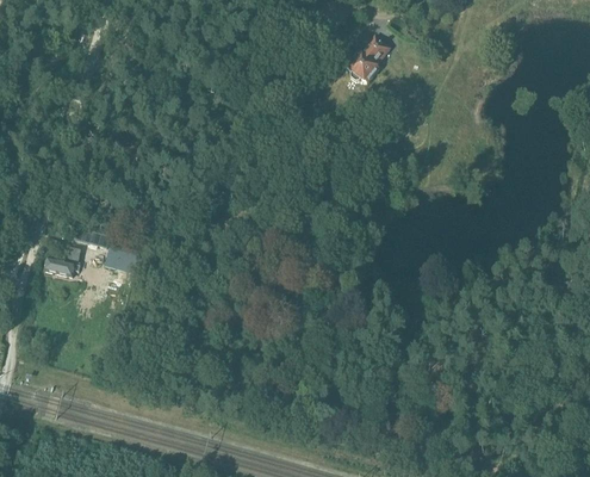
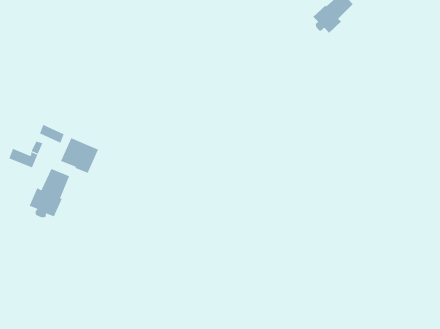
building: none -> [29,168,70,218]

